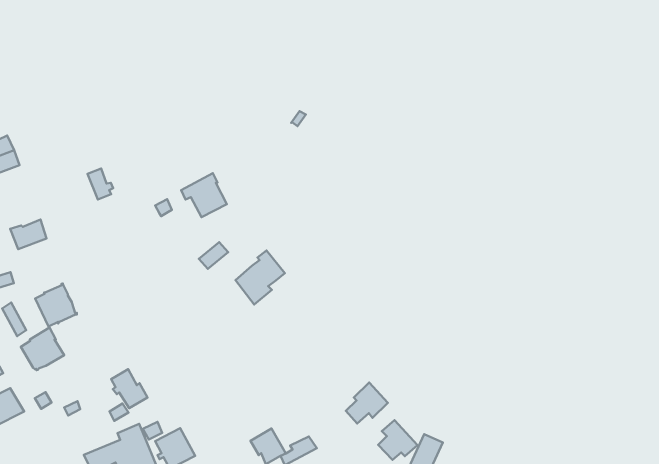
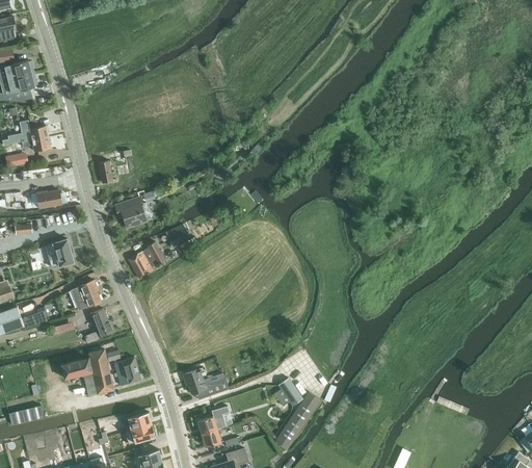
building: [181,173,227,217] -> [115,197,147,227]
building: [235,250,285,305] -> [129,241,165,279]
building: [21,327,64,370] -> [72,280,102,309]
building: [346,383,388,423] -> none

